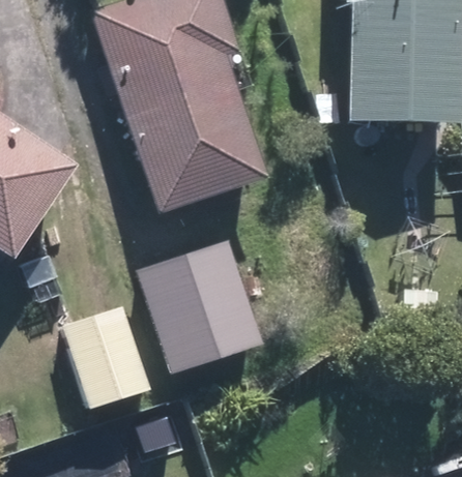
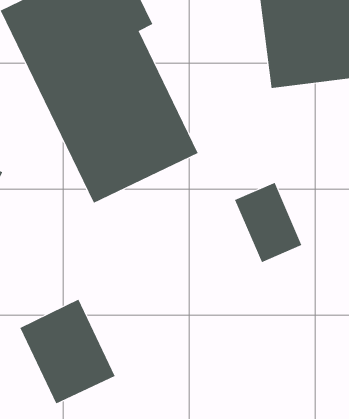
building: [141,237,269,371] -> none

